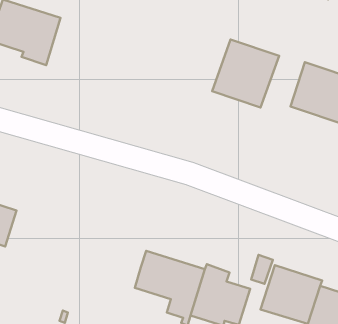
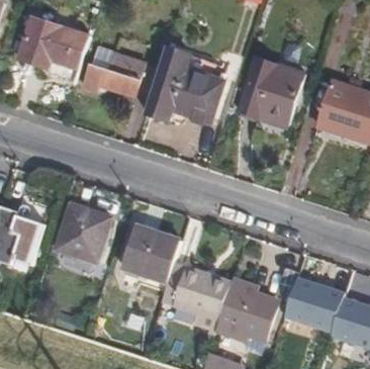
building: none -> [84,45,146,94]
building: none -> [144,47,221,120]
building: none -> [58,205,111,261]
building: none -> [121,224,181,280]

